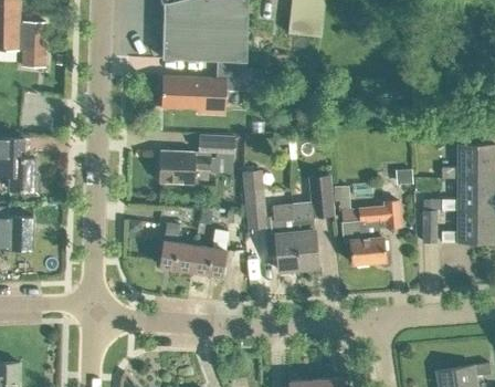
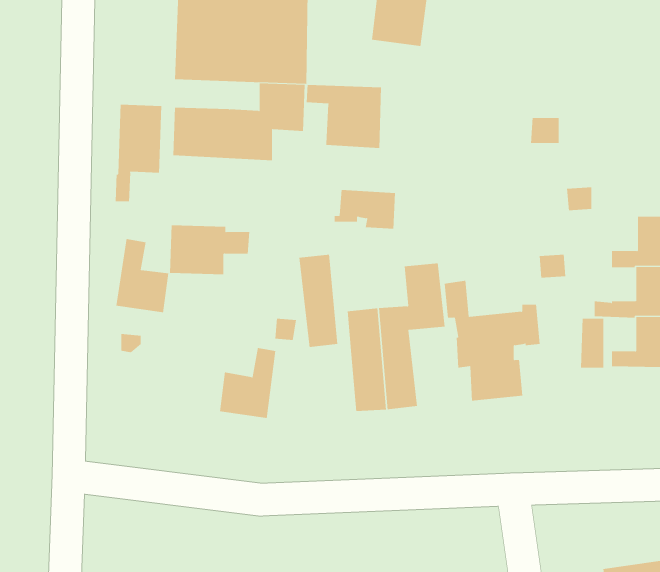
building: none -> [306,84,381,149]
building: none -> [115,104,162,202]
building: [194,134,234,159] -> [334,189,396,229]
building: [159,222,193,270] -> [115,239,169,313]

